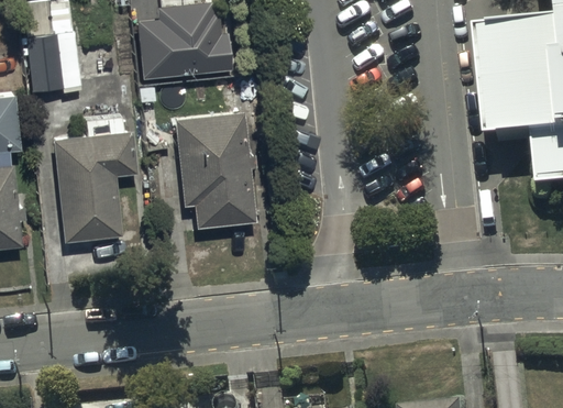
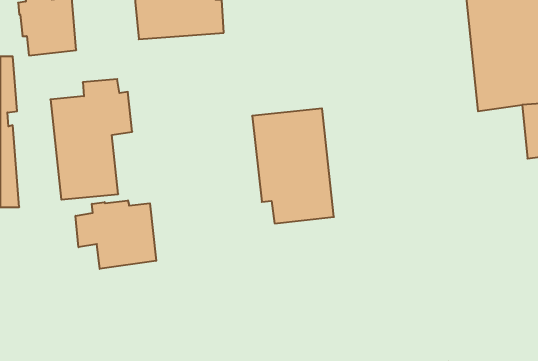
building: [174,109,257,227] -> [252,108,334,223]
building: none -> [76,200,156,269]

